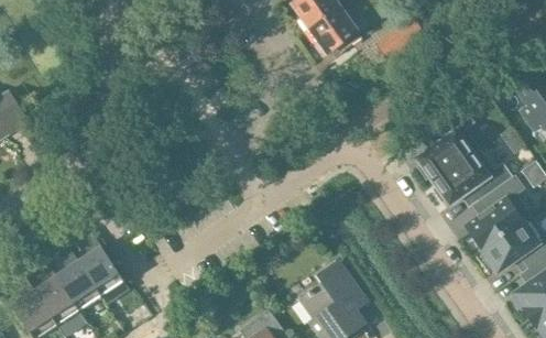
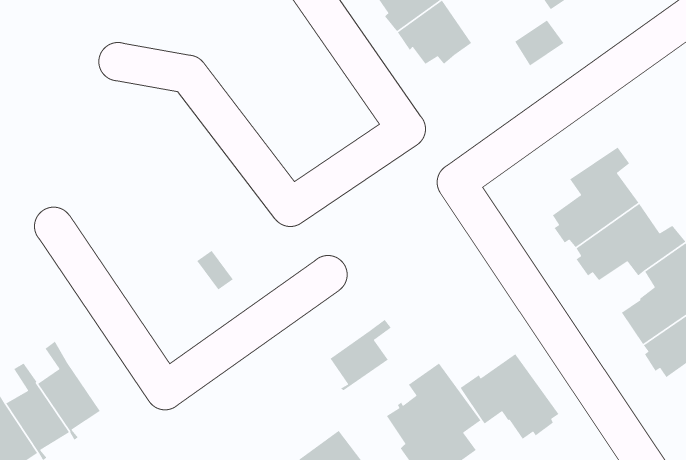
building: none -> [329,319,392,391]
building: [77,231,129,305] -> none
building: none -> [460,353,559,440]

